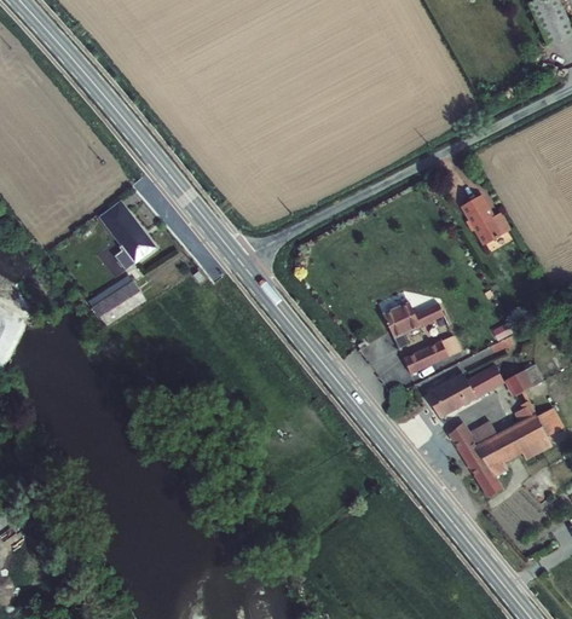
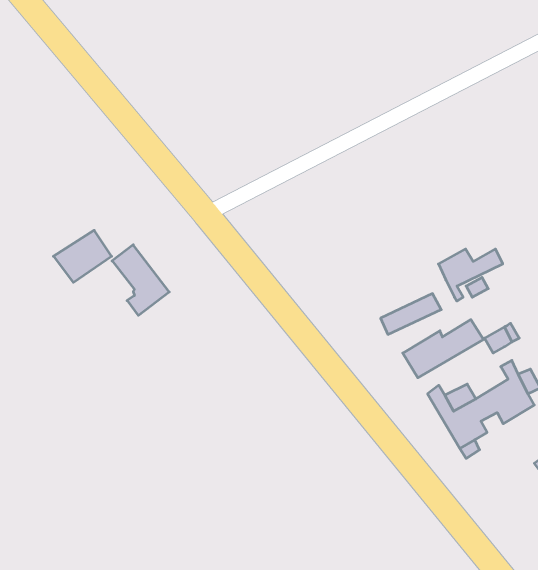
building: [464,195,514,244] -> none
building: [97,199,152,268] -> [112,245,169,315]
building: [383,300,446,351] -> [438,249,503,301]

